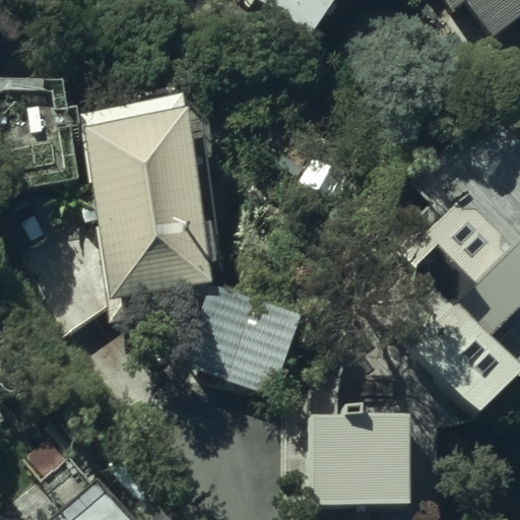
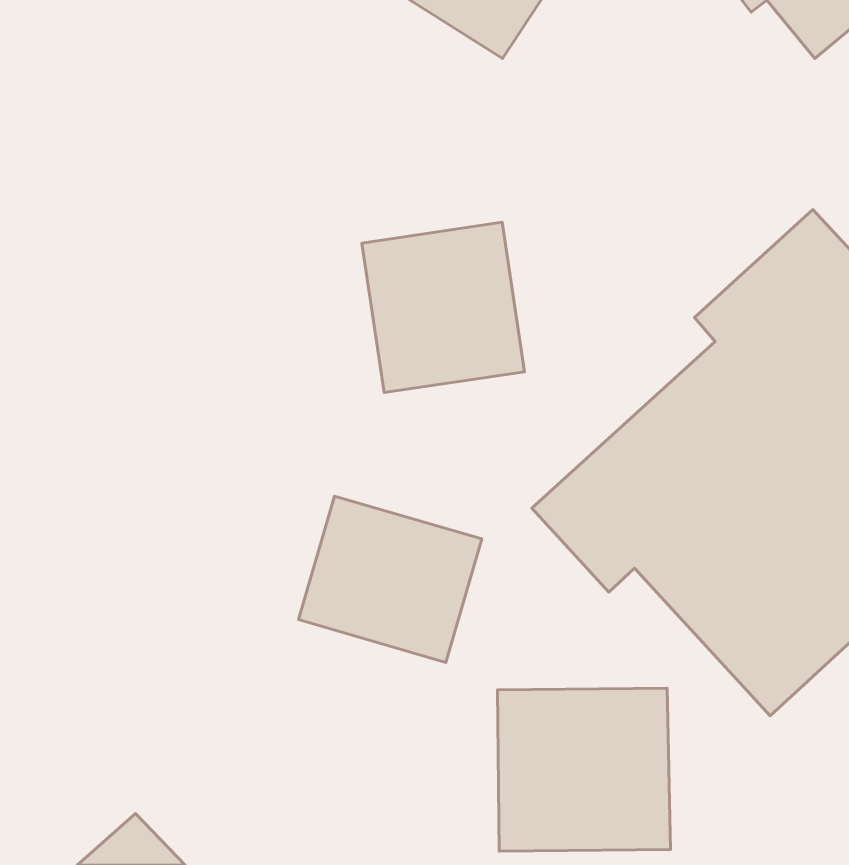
building: [84,102,210,308] -> none
building: none -> [362,222,525,393]

